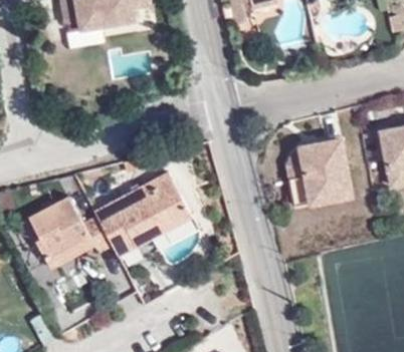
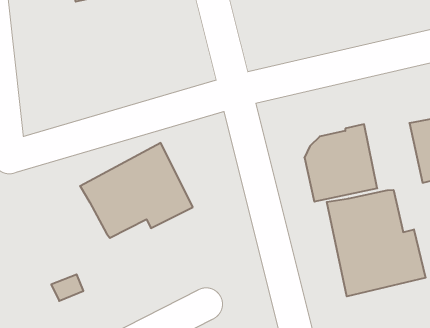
building: [28,199,108,261] -> none
building: none -> [327,190,426,296]

